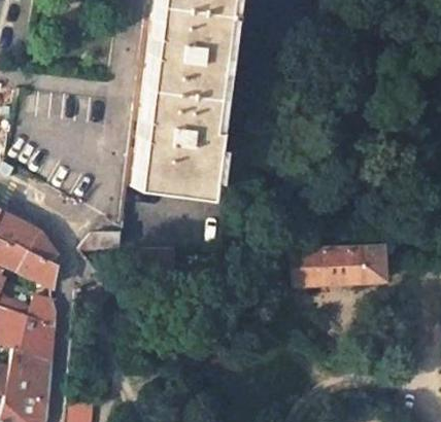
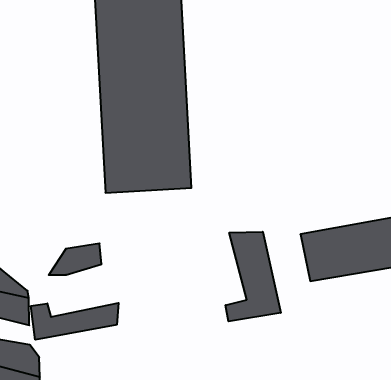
building: none -> [226,232,281,321]
building: none -> [31,303,119,340]

